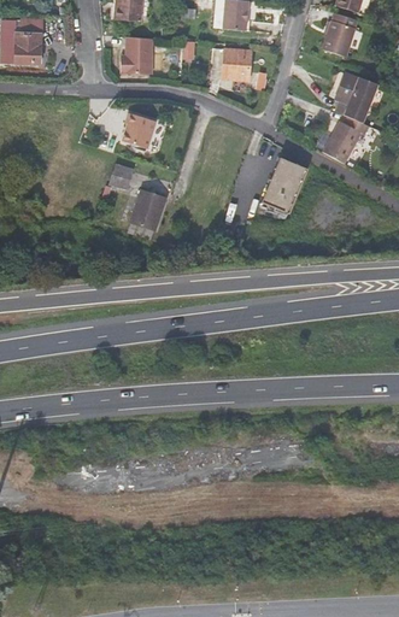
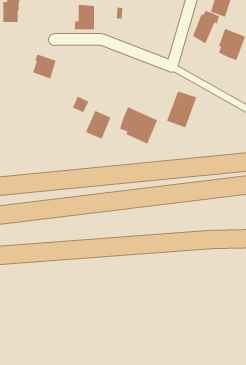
building: [222,48,251,80] -> none
building: [118,113,154,151] -> [32,54,56,79]
building: [328,113,369,164] -> [192,10,220,44]
building: none -> [120,107,158,144]

